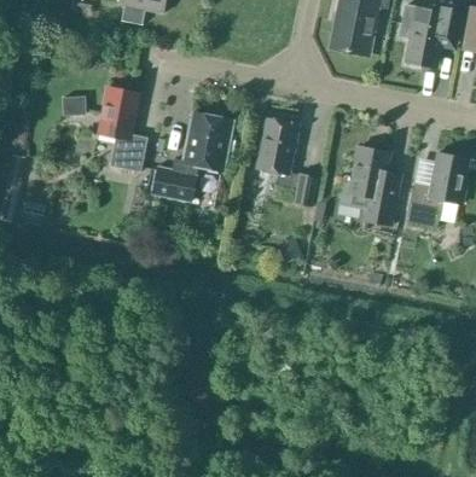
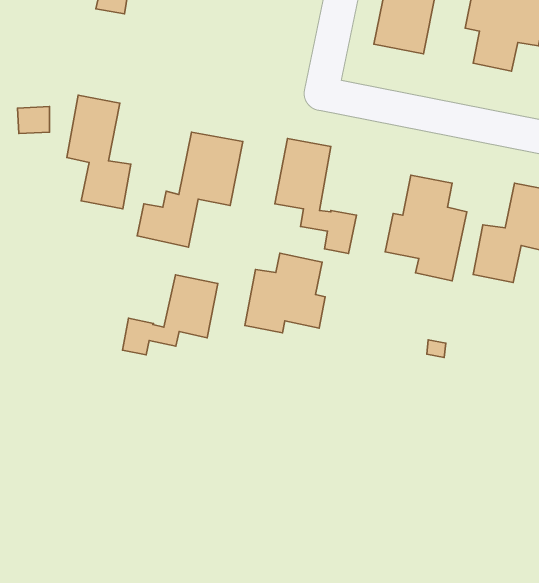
building: none -> [245,253,325,333]
building: none -> [122,275,218,355]

